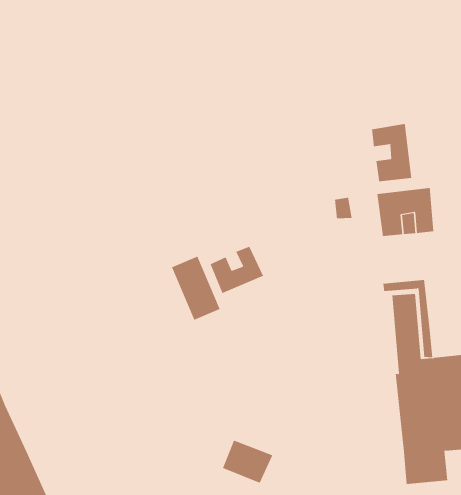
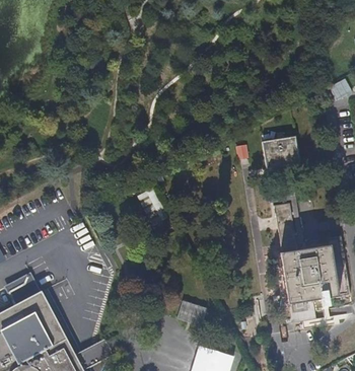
building: [371,123,412,182] -> none
building: [210,246,264,294] -> none

